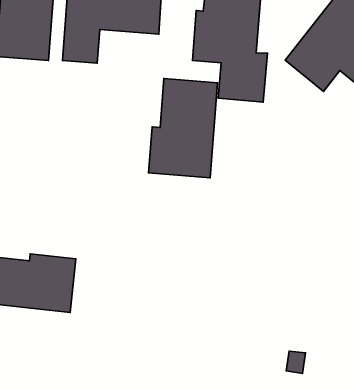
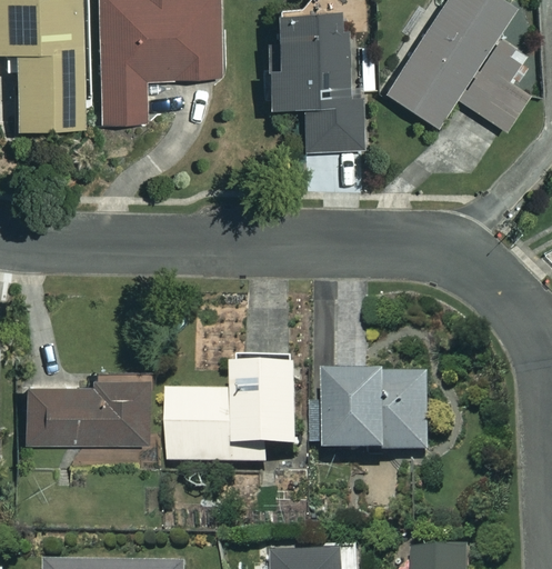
building: [148,79,218,178] -> none
building: none -> [172,365,302,465]
building: none -> [328,375,433,453]

